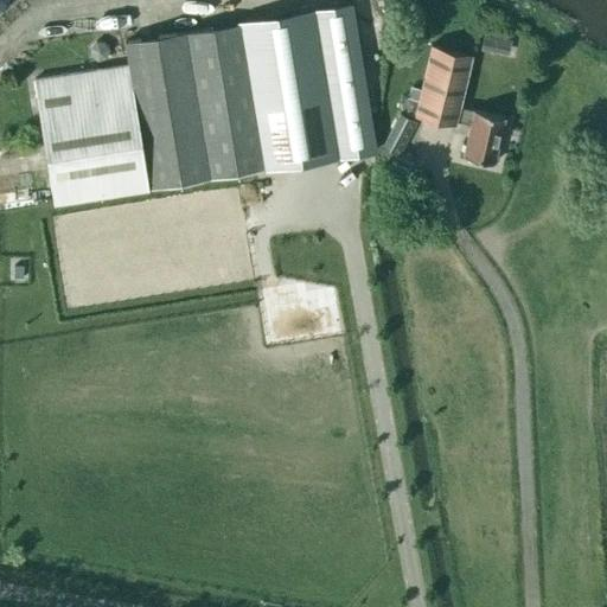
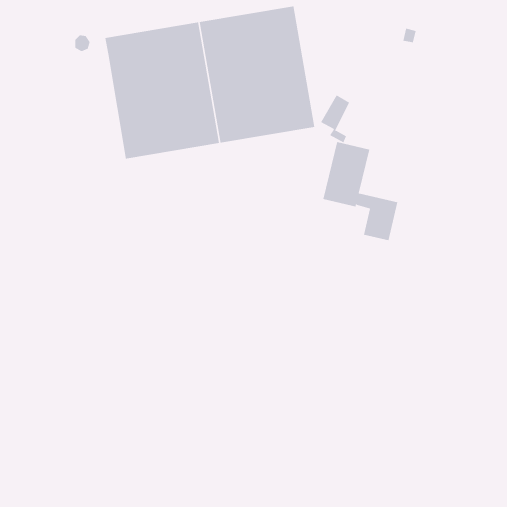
building: [415,46,505,165] -> [323,141,398,241]
building: [34,65,151,207] -> none

